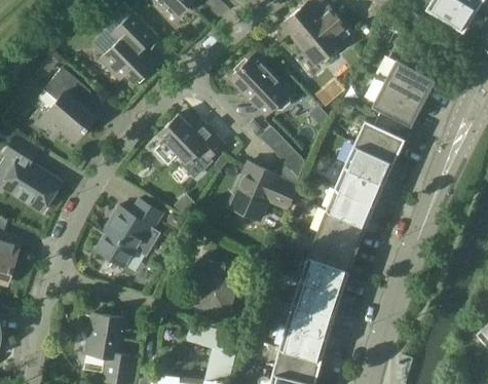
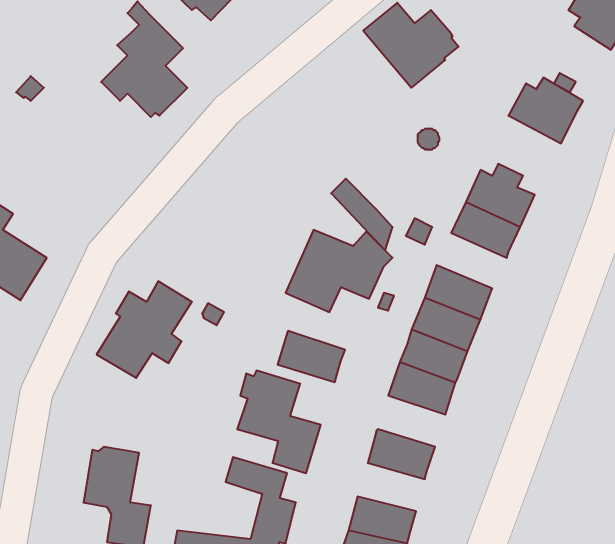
building: [229,54,291,115] -> none
building: [37,67,95,141] -> none
building: [373,82,421,124] -> none
building: [154,114,224,177] -> none
building: [334,164,383,203] -> none
building: [293,278,340,314] -> [278,331,345,382]
building: [278,325,326,359] -> none

